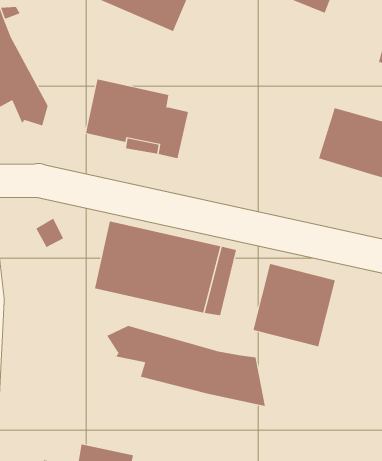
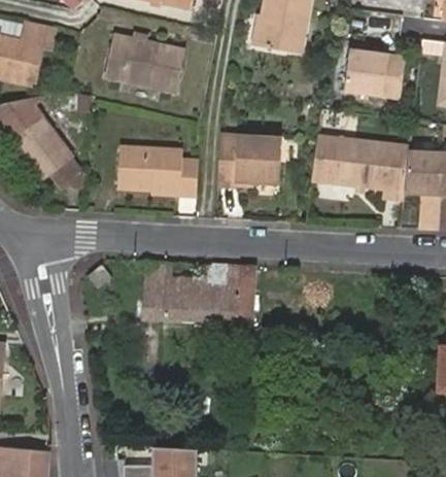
building: none -> [214,136,279,186]
building: [253,263,335,347] -> none
building: [106,325,266,407] -> none

